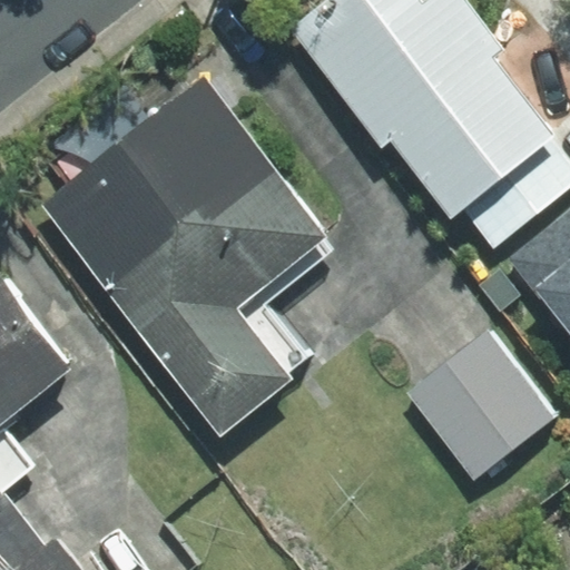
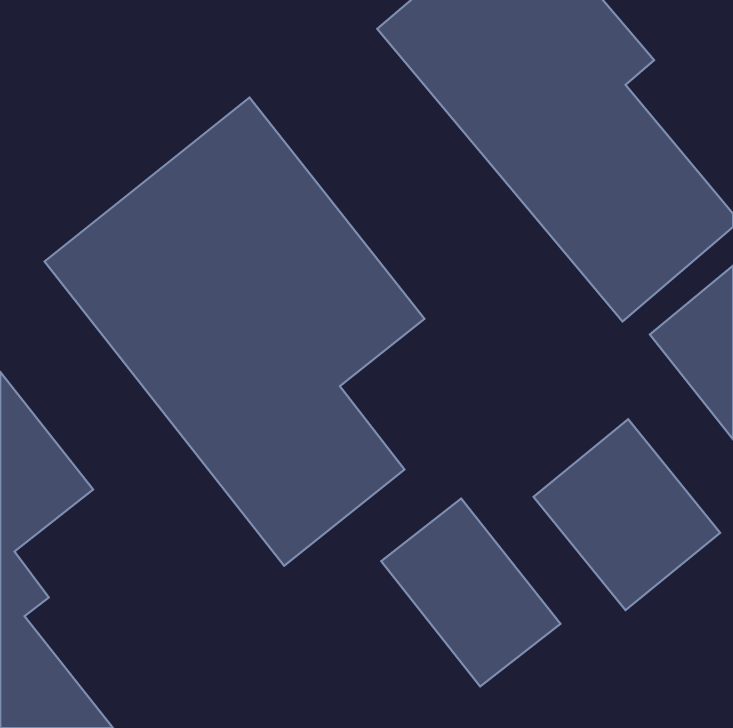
building: none -> [381,498,560,687]

